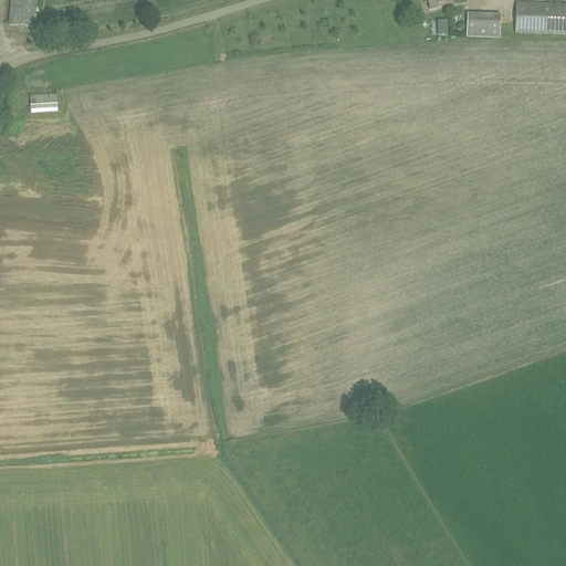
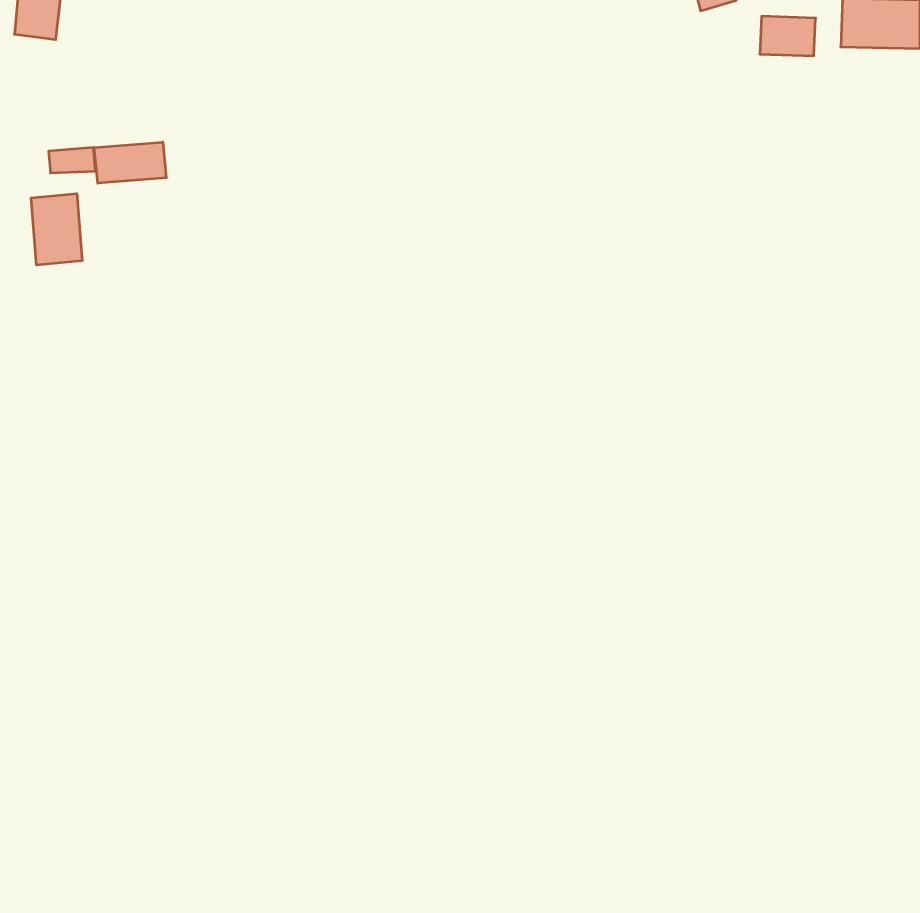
building: none -> [94,142,166,183]
building: none -> [31,194,82,265]

